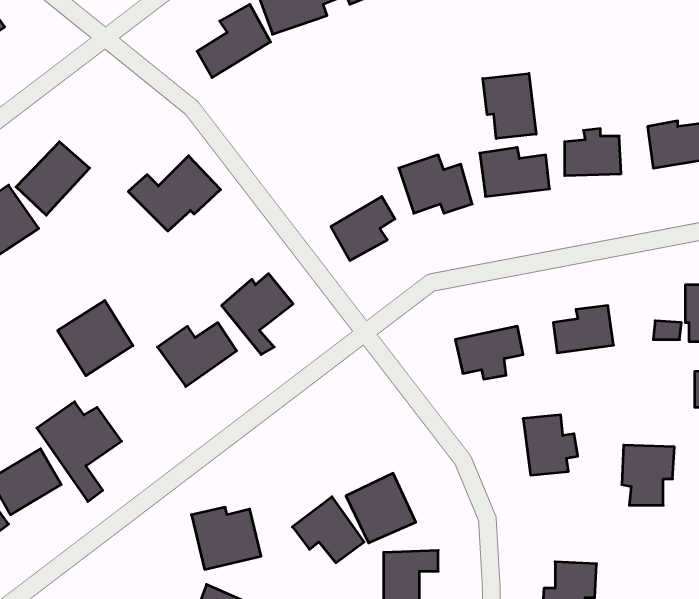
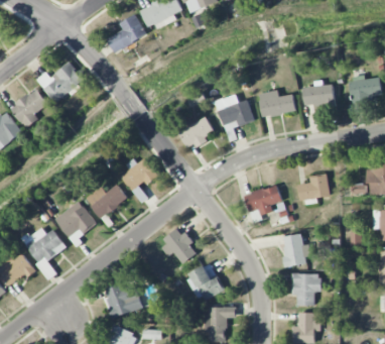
building: [483,73,536,139] -> none
building: [128,156,221,231] -> [35,62,85,102]
building: [58,300,133,376] -> [55,201,96,241]
building: [622,445,674,505] -> [292,272,320,305]
building: [292,497,364,563] -> [159,228,198,263]

